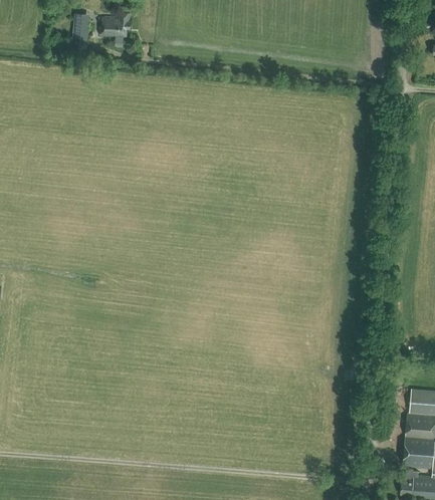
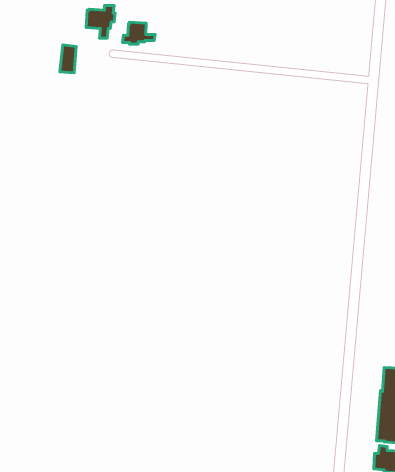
building: [71,17,88,46] -> [60,45,76,73]
building: none -> [122,22,155,44]

